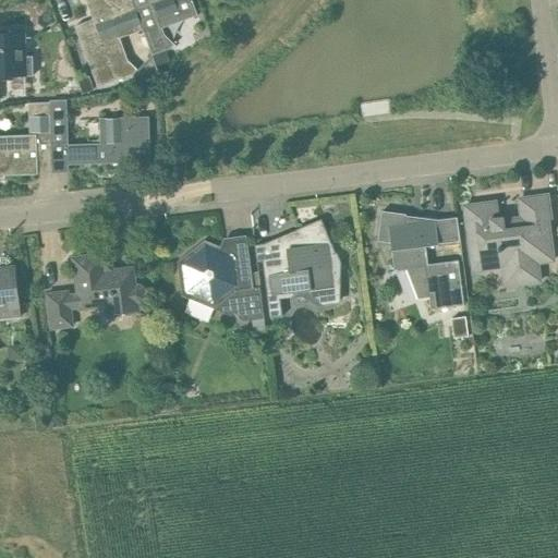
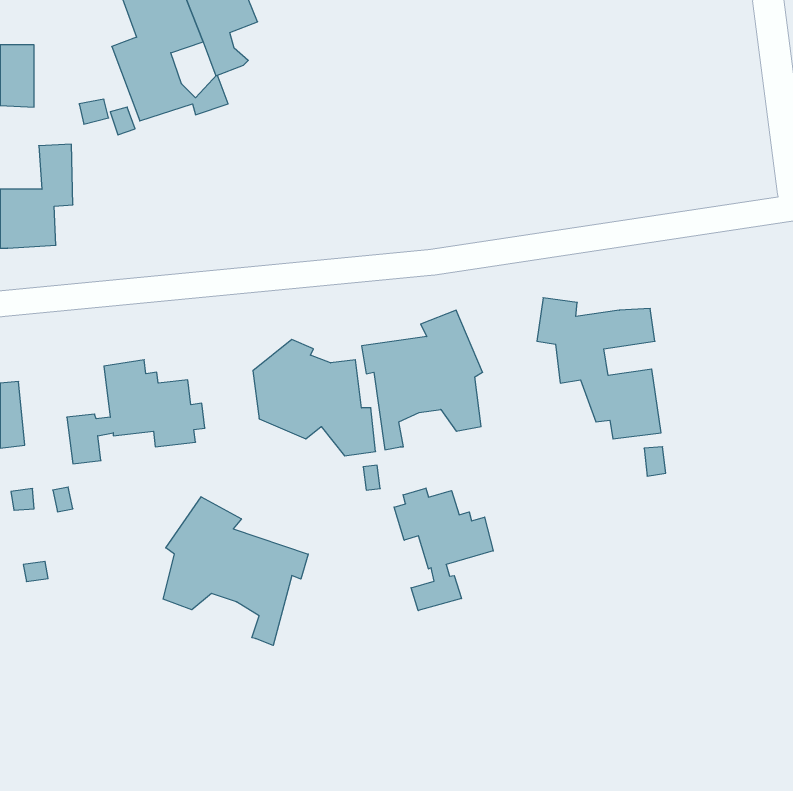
building: [50,99,151,163] -> none
building: [464,194,550,283] -> none
building: none -> [394,488,493,611]
building: none -> [163,497,308,645]

